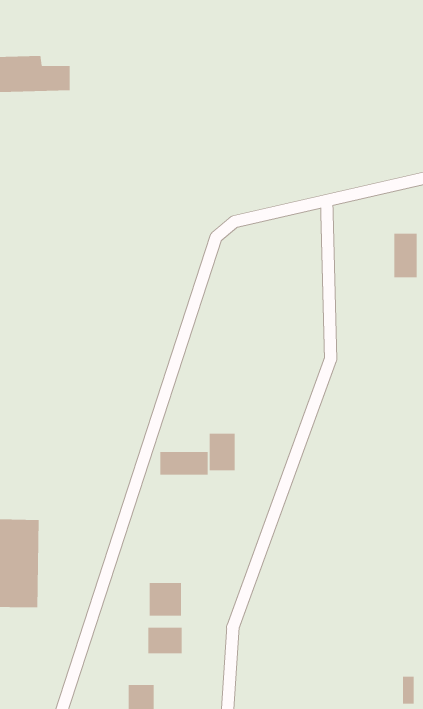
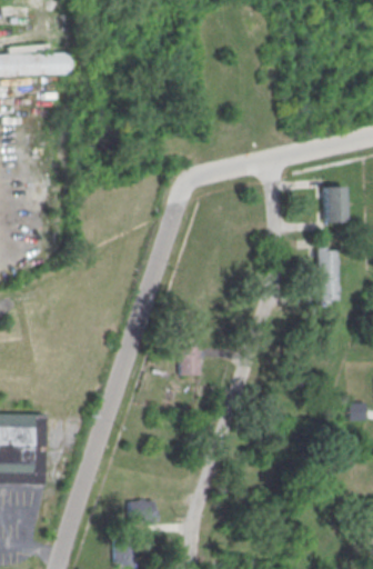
building: none -> [317,248,340,305]
building: [160,451,208,476] -> none
building: [149,582,181,616] -> none

